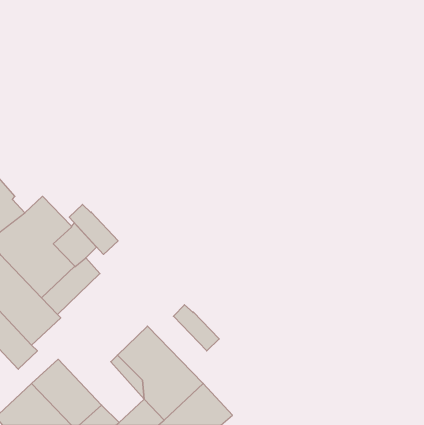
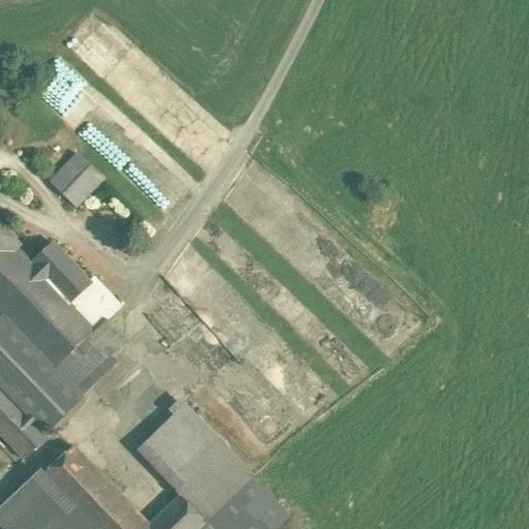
building: none -> [49,154,101,208]
building: [69,204,118,254] -> none
building: [173,305,219,351] -> none

